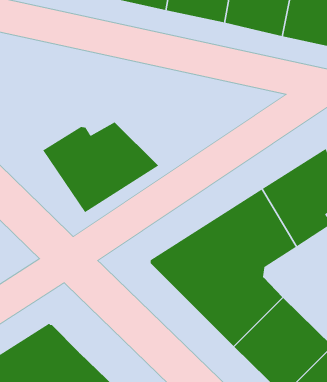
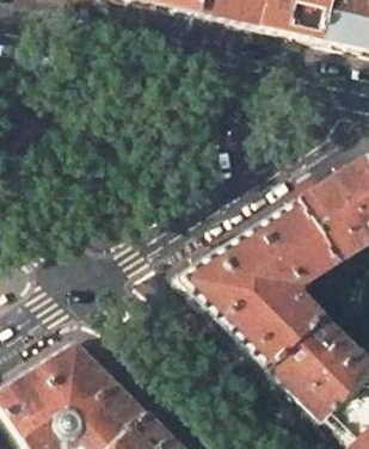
building: [42,121,159,213] -> none

